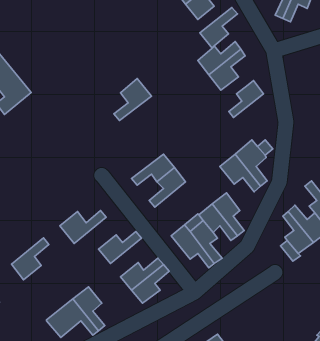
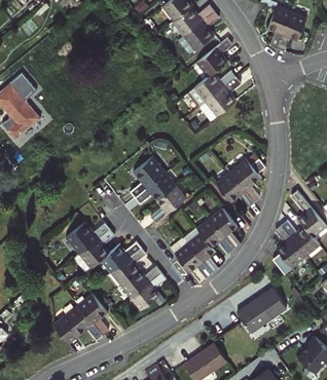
building: [114,79,151,121] -> [129,157,164,196]
building: [229,80,264,117] -> none
building: [11,238,49,280] -> [80,232,115,271]
building: none -> [114,252,148,288]
building: none -> [237,286,287,331]

